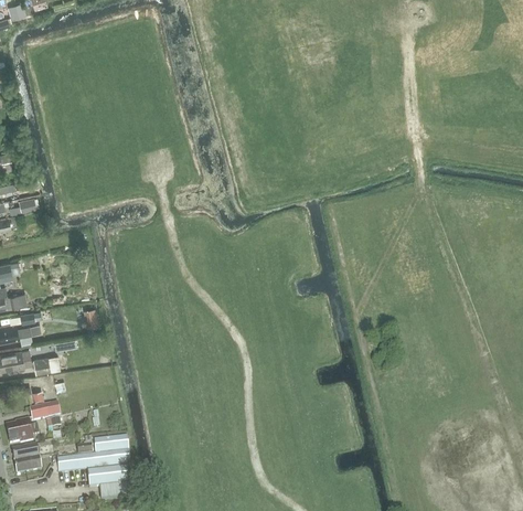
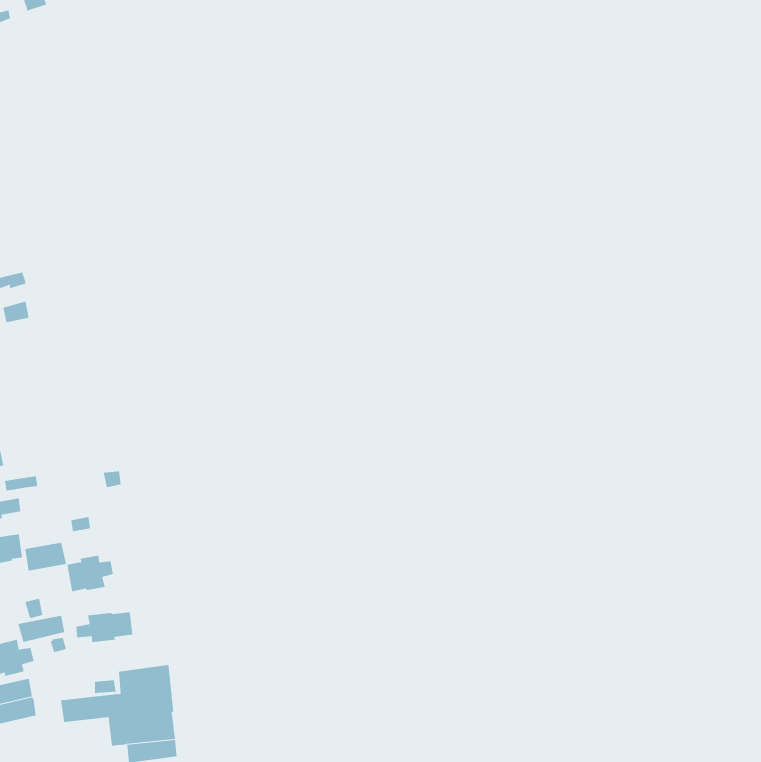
building: none -> [67,555,113,592]
building: none -> [76,611,133,643]

